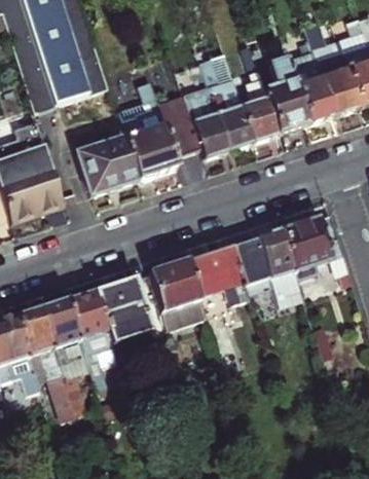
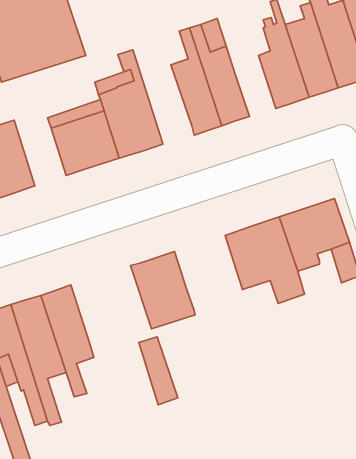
building: [243,44,279,140] -> none
building: [153,77,204,157] -> none
building: [188,246,250,301] -> none
building: [96,278,152,343] -> none

